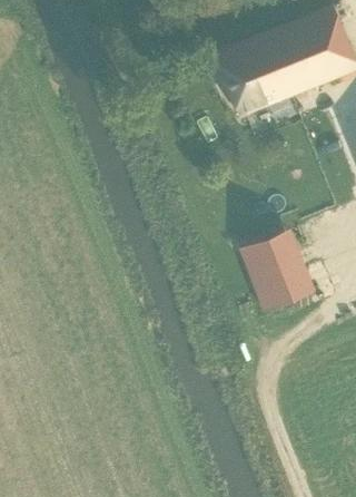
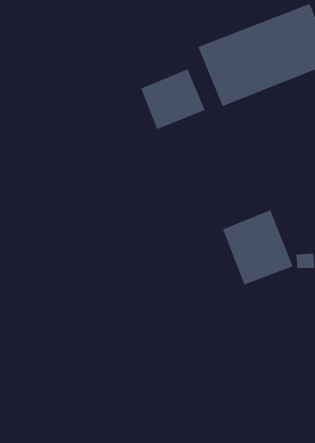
building: none -> [140,69,206,130]

